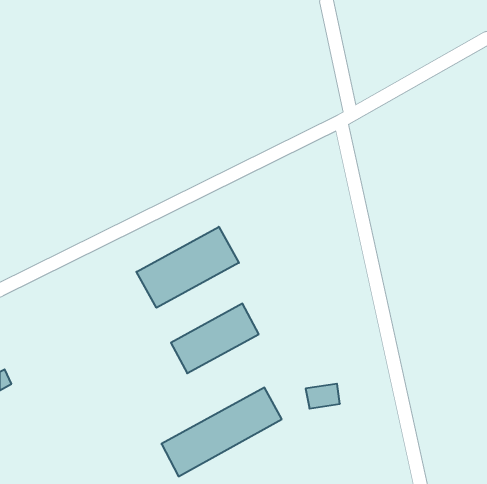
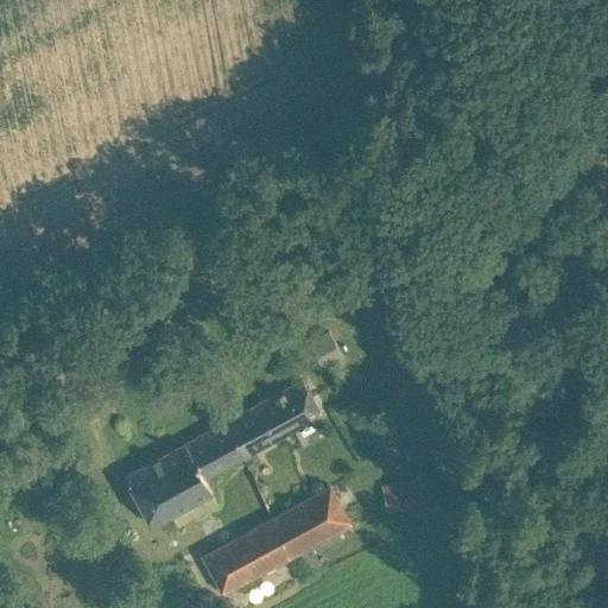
building: [136,227,239,308] -> none
building: none -> [124,431,233,532]

